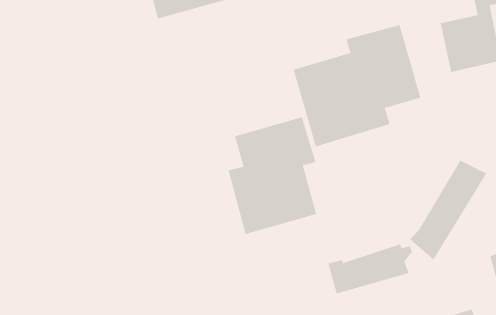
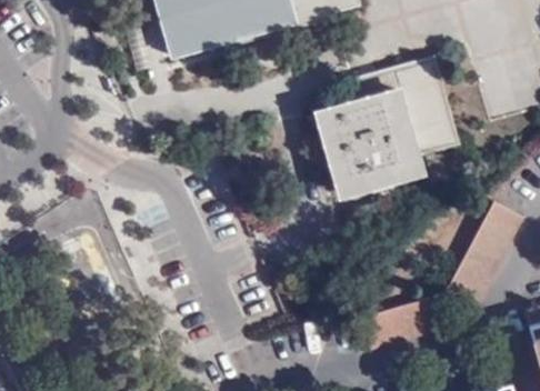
building: [228,116,317,235] -> none

